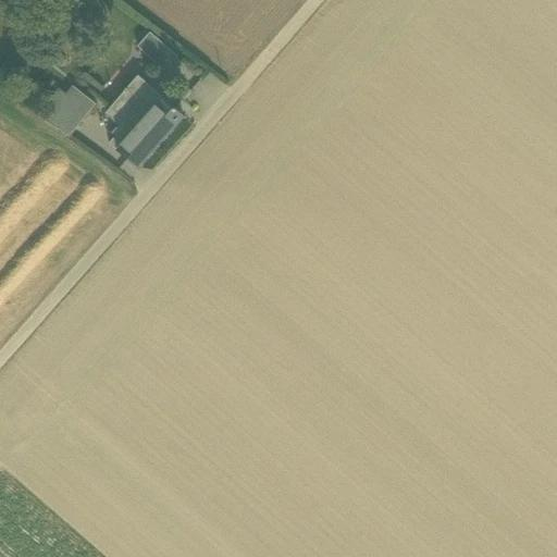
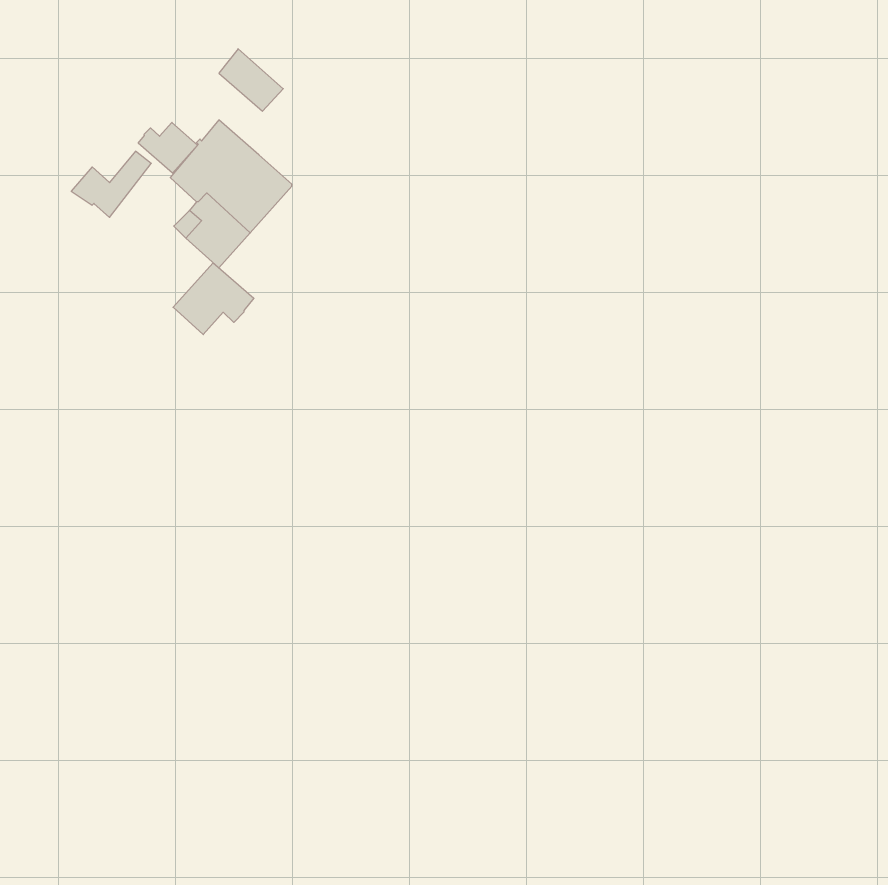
building: none -> [138,122,197,173]
building: none -> [173,263,254,335]

